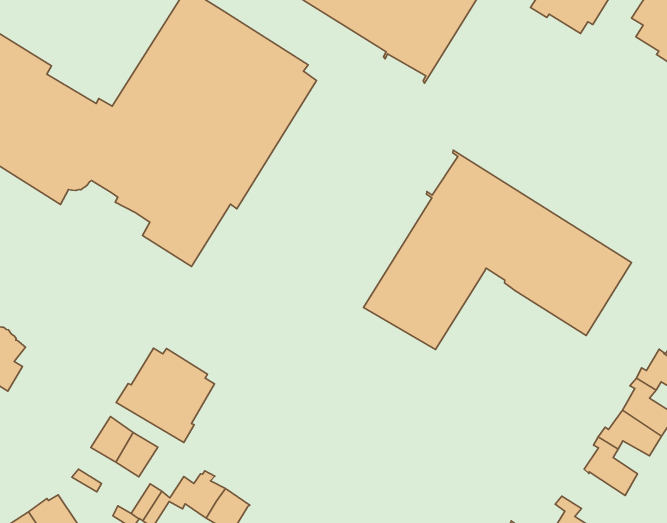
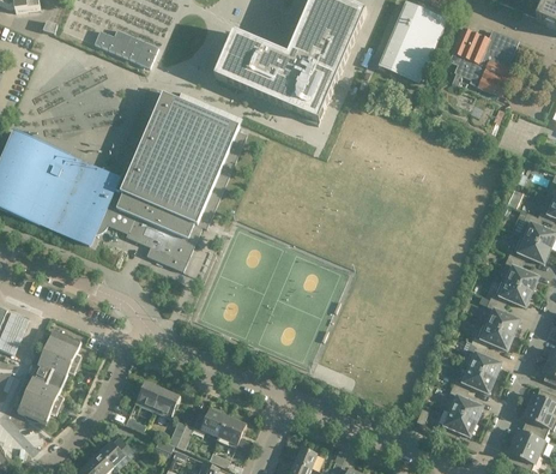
building: [364,150,632,350] -> none
building: [116,348,215,443] -> none
building: none -> [452,366,494,392]

